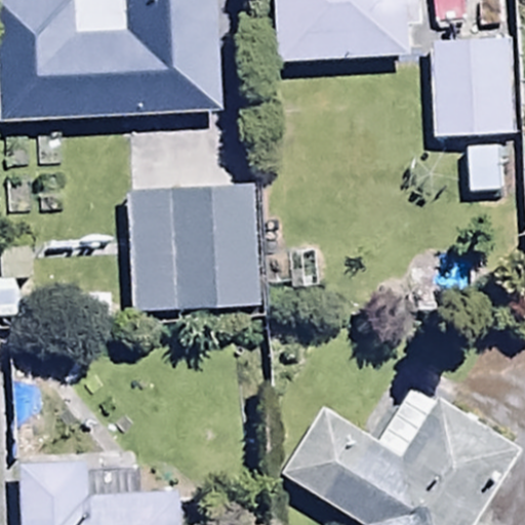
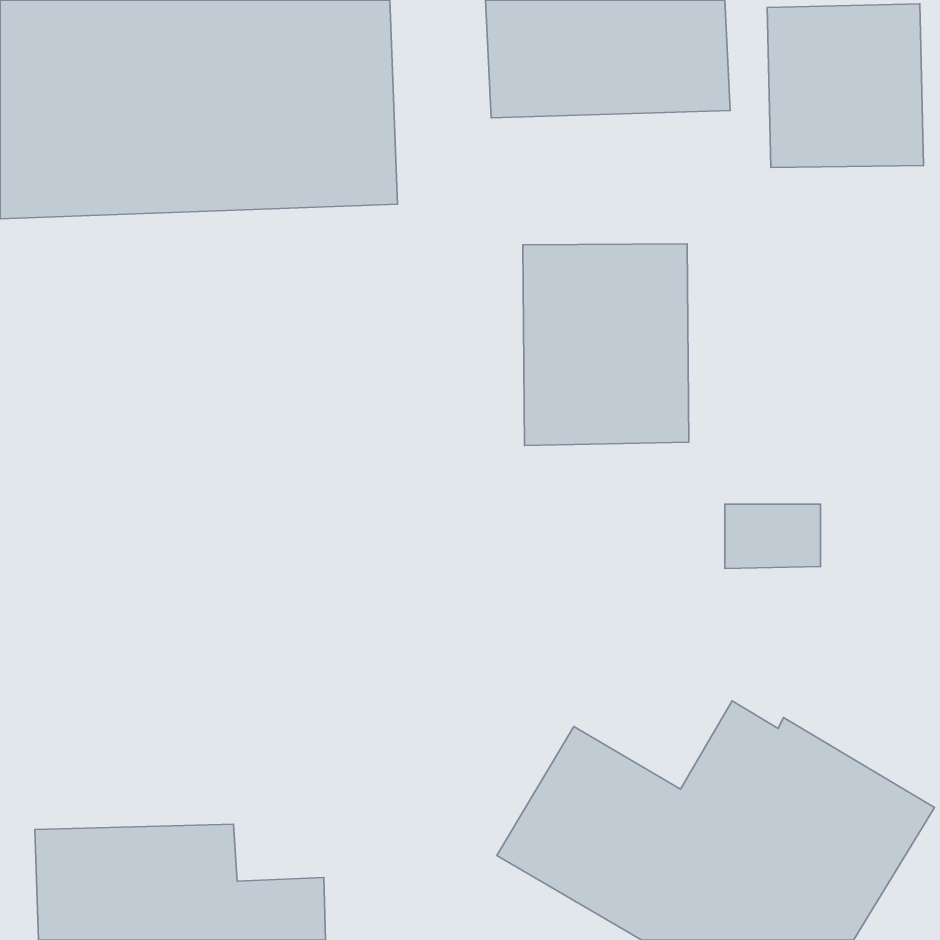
building: none -> [523,244,689,445]
building: [131,151,260,272] -> none

